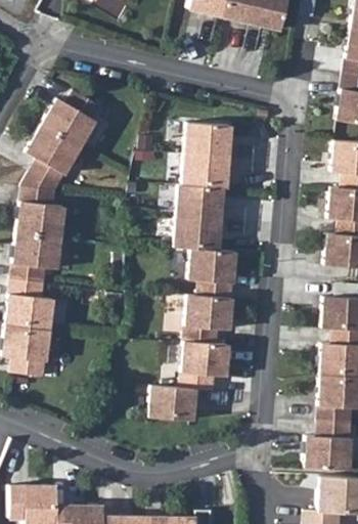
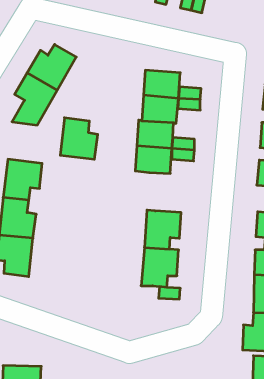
building: [18,185,64,236] -> [60,118,98,159]
building: [190,248,234,297] -> none
building: [150,384,196,419] -> none

